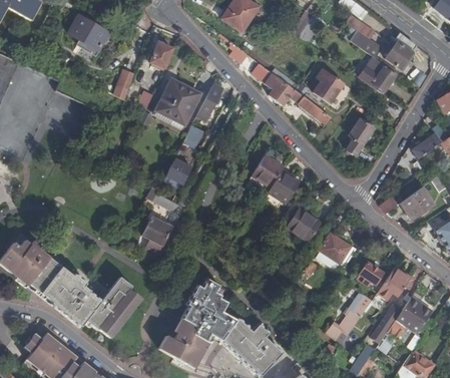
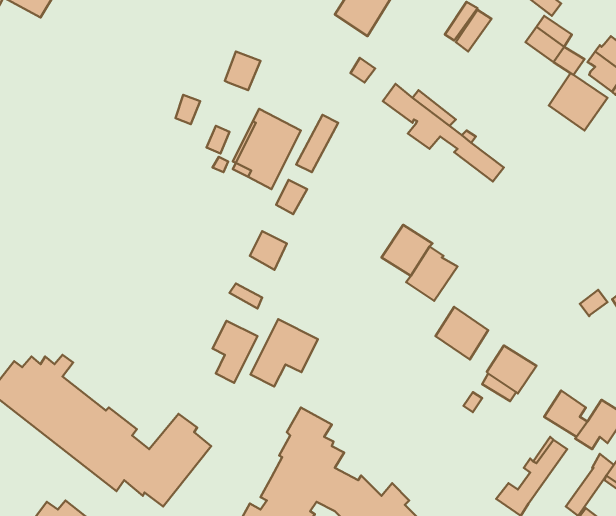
building: [68,15,108,54] -> none
building: [314,68,344,103] -> none
building: [346,118,374,155] -> none
building: none -> [250,319,318,386]

